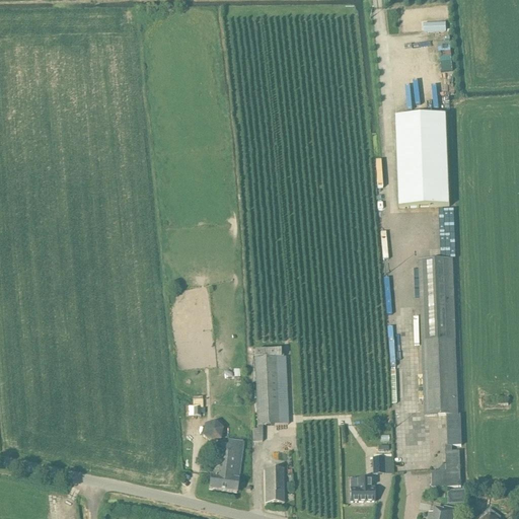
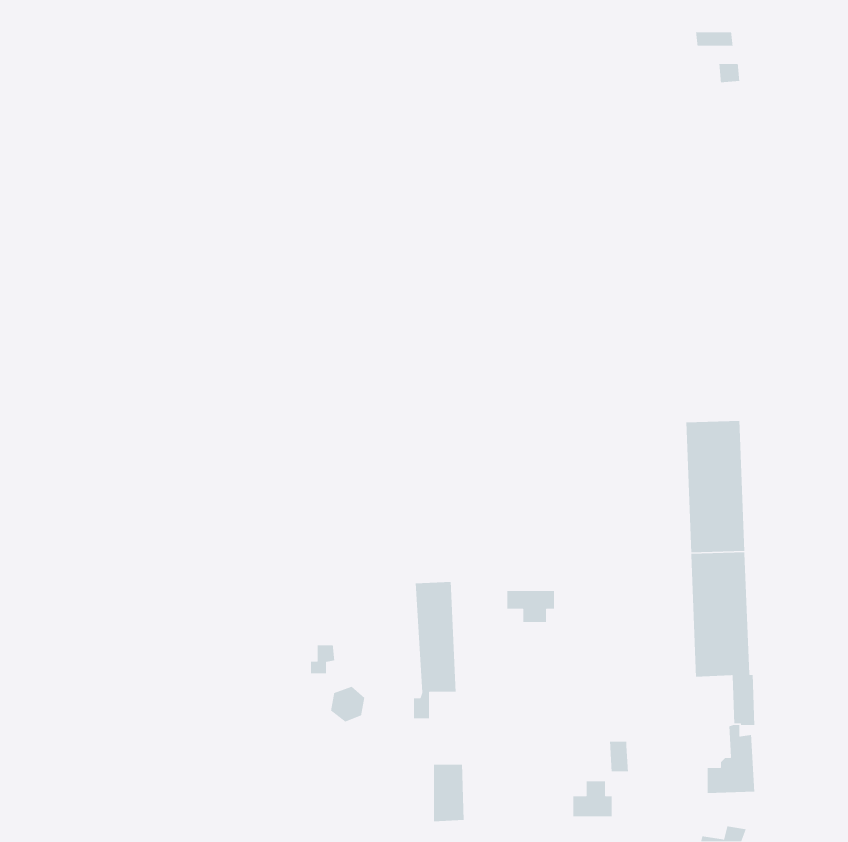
building: [395,112,449,205] -> none
building: none -> [506,590,555,623]
building: [209,437,243,490] -> none

